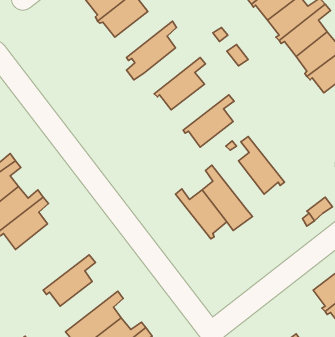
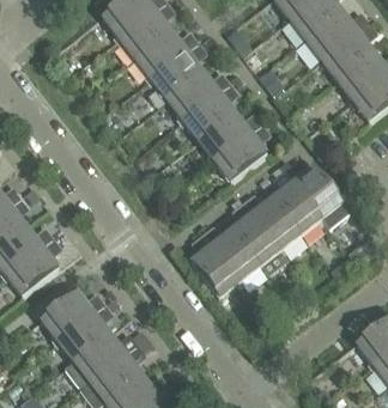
building: none -> [134,29,198,80]
building: none -> [166,69,230,121]
building: none -> [198,110,262,162]
building: none -> [284,163,351,226]
building: none -> [243,195,302,251]
building: none -> [190,233,242,298]
building: none -> [41,290,105,341]
building: none -> [63,331,138,388]

